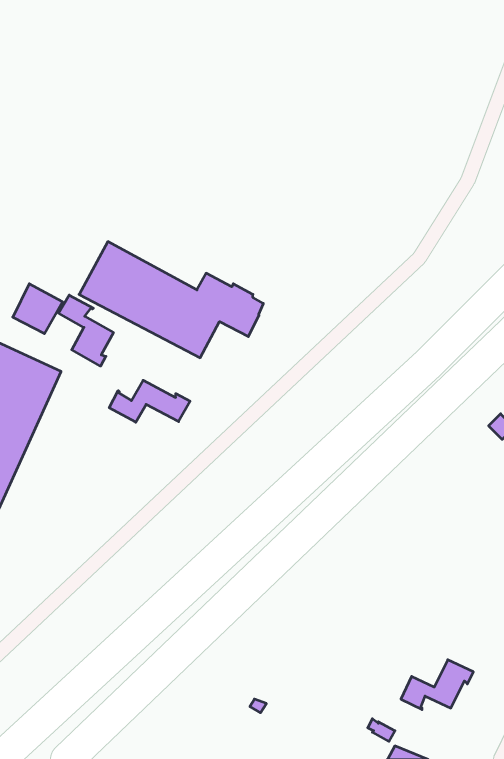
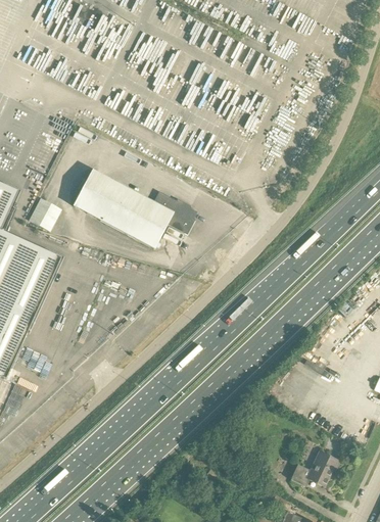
building: [59,295,113,366] -> none
building: [109,380,190,422] -> none

